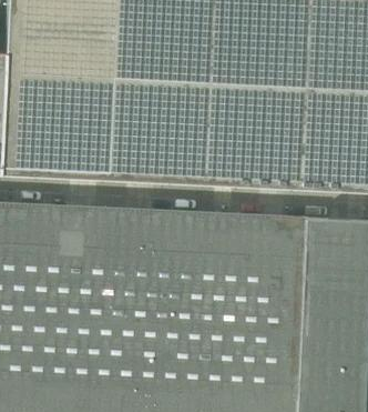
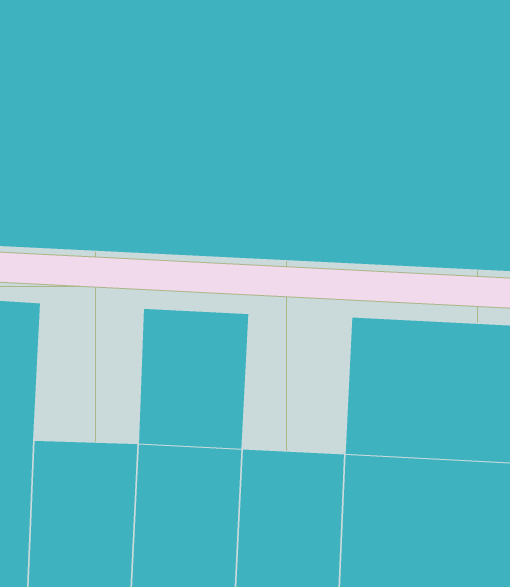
building: [29,209,99,299] -> none
building: [162,215,232,305] -> none

